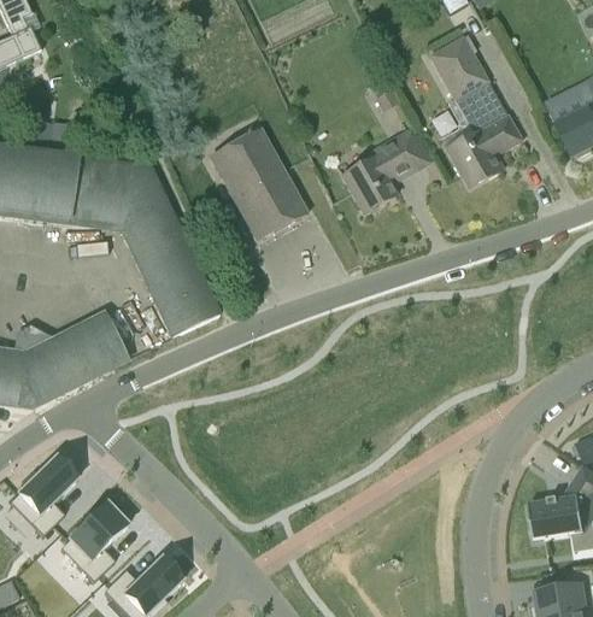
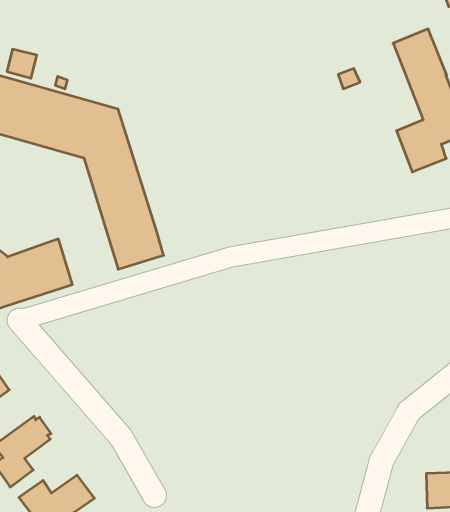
building: [341,124,429,212] -> none
building: [209,127,306,239] -> none

